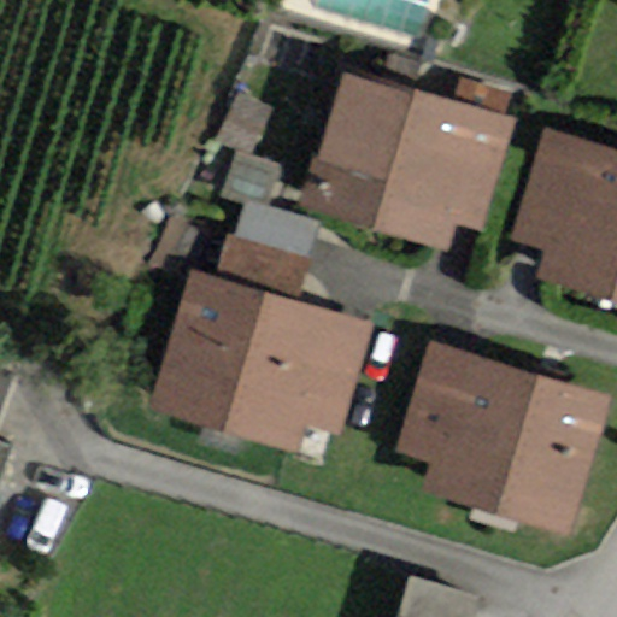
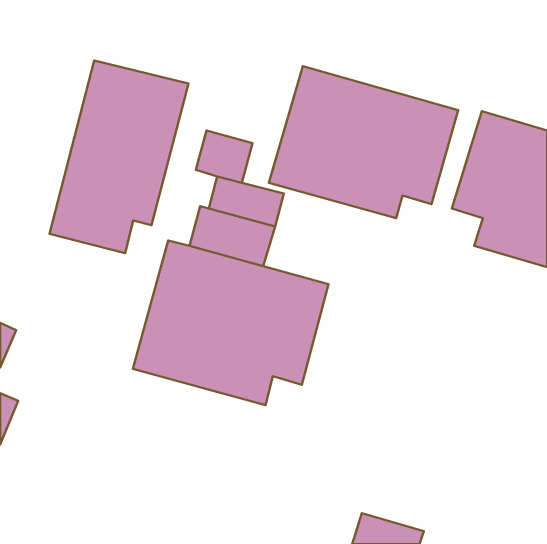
building: none -> [49,61,189,253]
building: [394,337,607,534] -> none

